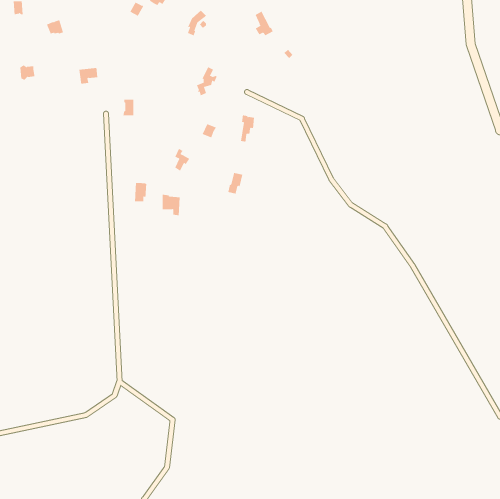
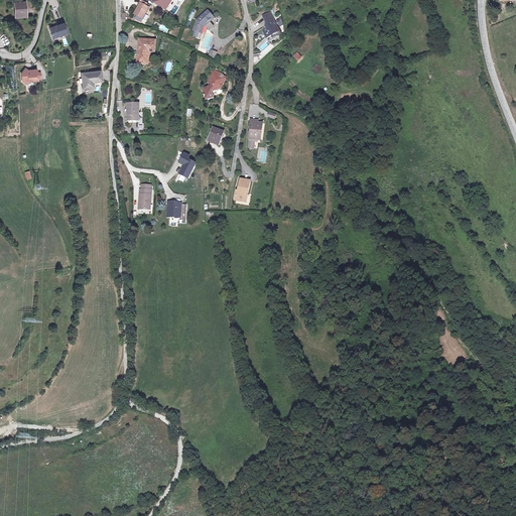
building: none -> [136,37,155,63]

